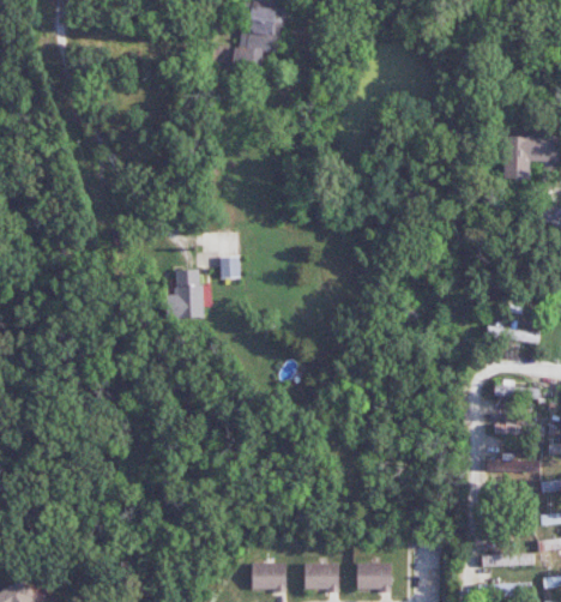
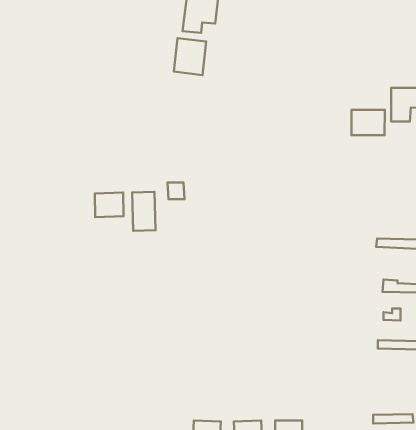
building: none -> [174,38,206,75]
building: none -> [351,110,385,135]
building: none -> [95,193,124,217]

